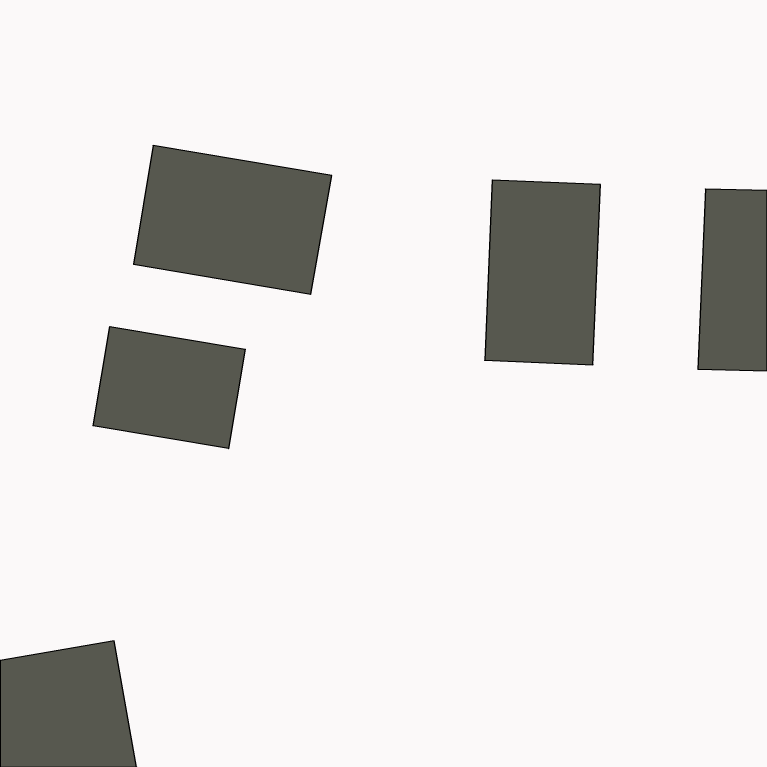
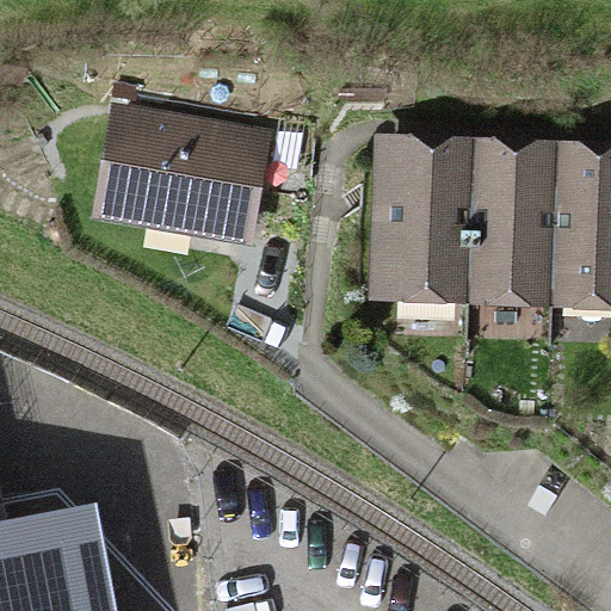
building: none -> [471,147,561,294]
building: [93,327,245,449] -> none

